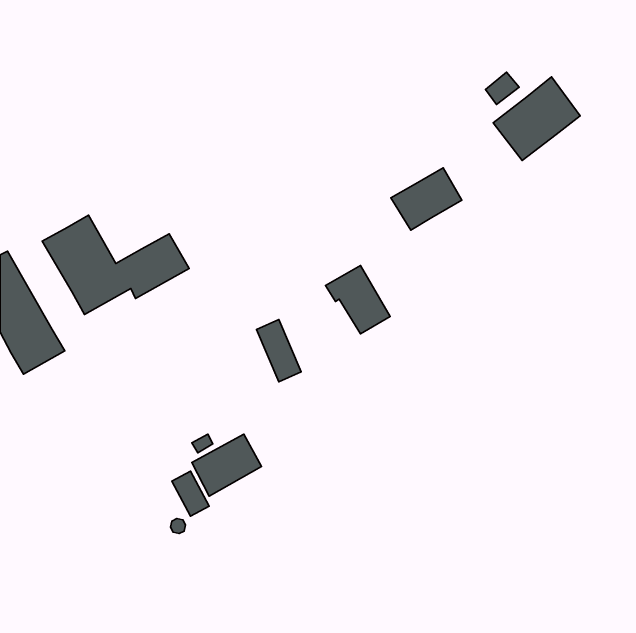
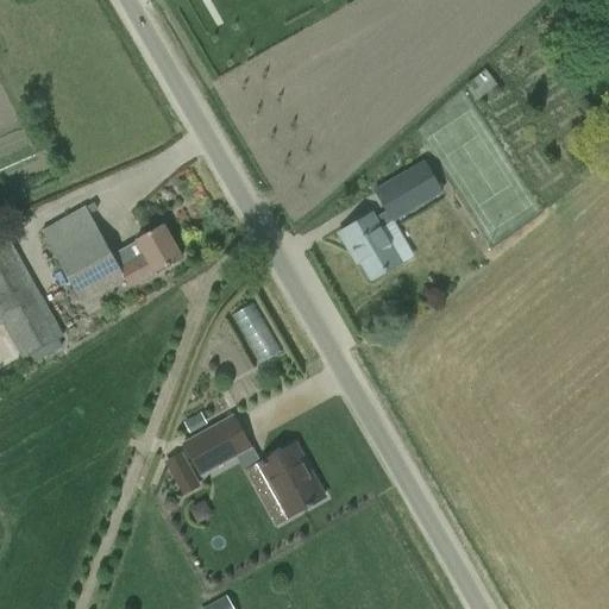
building: [493,77,580,160] -> none
building: [326,266,390,334] -> [338,213,400,278]
building: none -> [257,444,324,516]

